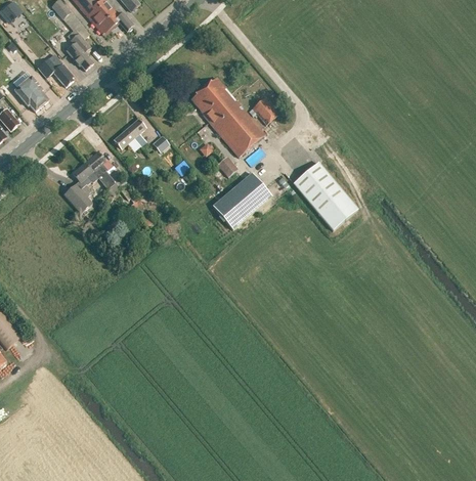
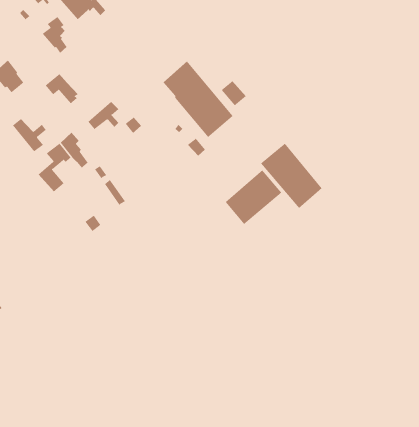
building: [39,54,74,86] -> [45,74,78,104]
building: none -> [12,118,46,152]
building: [213,172,272,229] -> [225,170,282,225]

